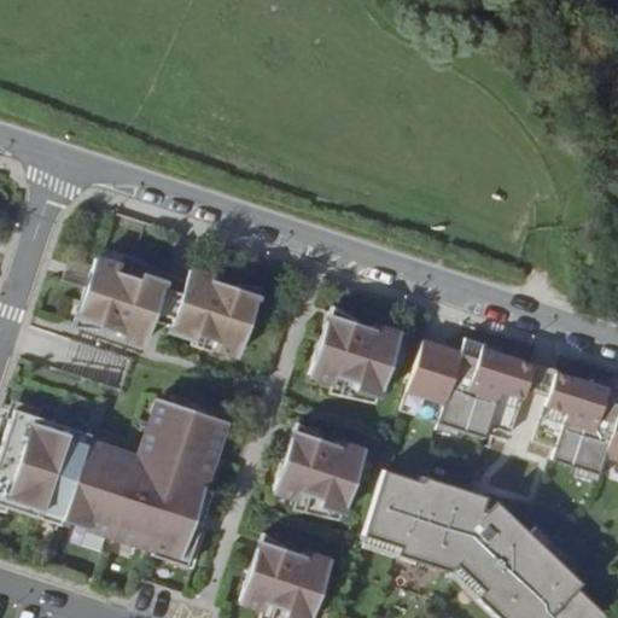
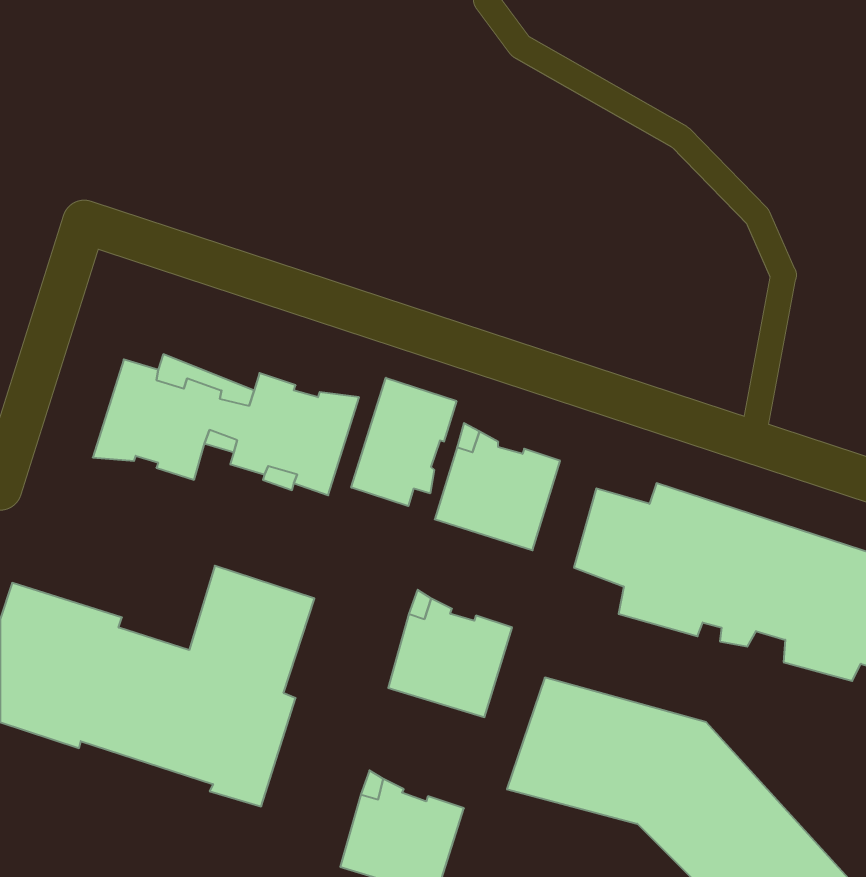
building: none -> [351,378,456,506]

